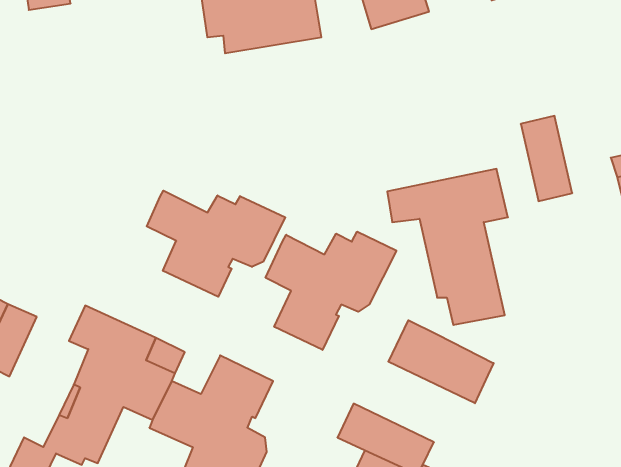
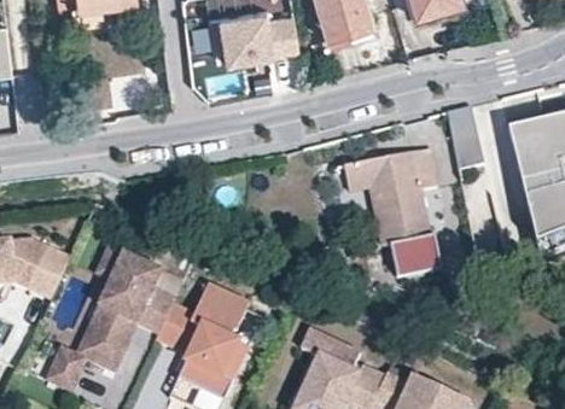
building: [147,191,285,297] -> none
building: [266,232,396,350] -> none
building: [388,320,494,403] -> none

